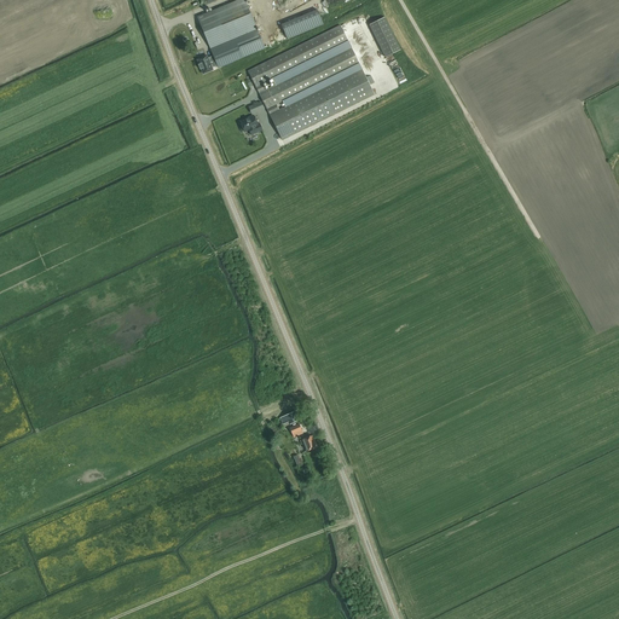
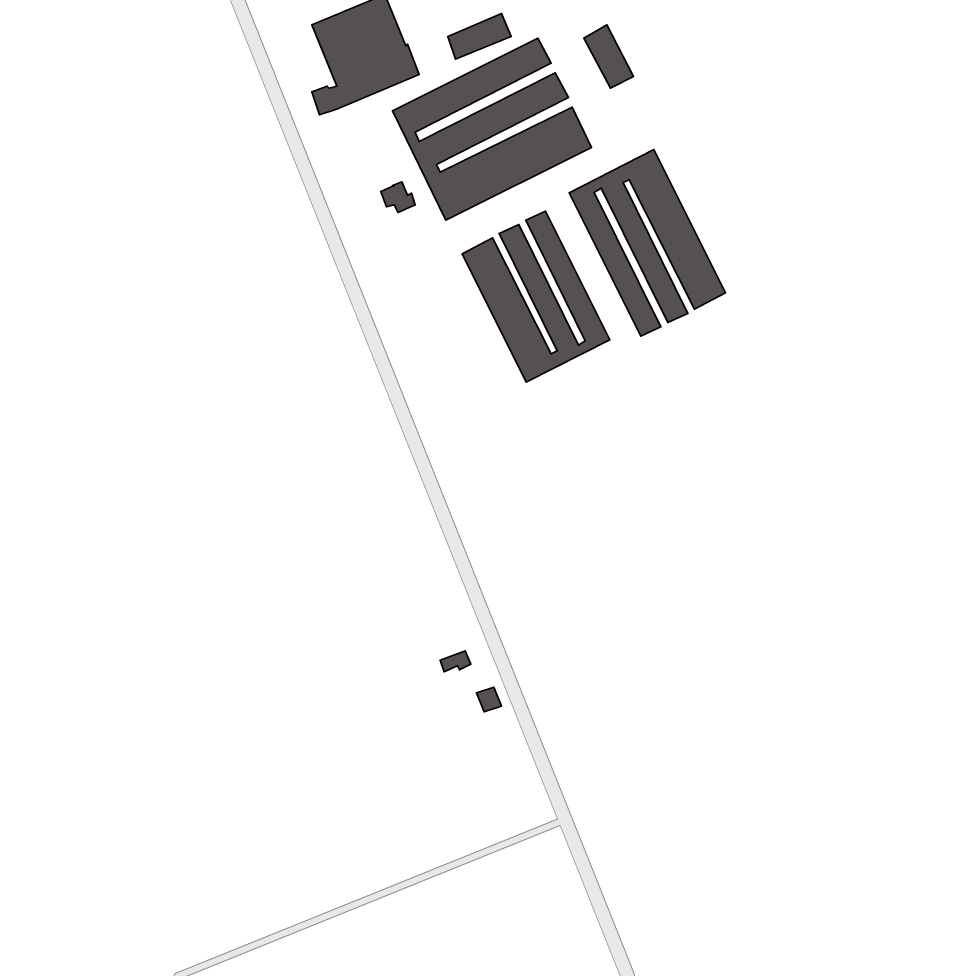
building: none -> [569,149,725,336]
building: none -> [462,211,610,382]

